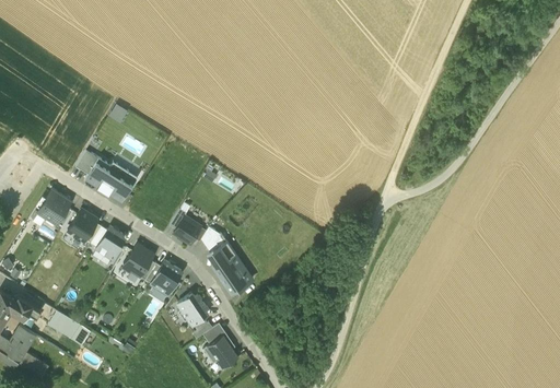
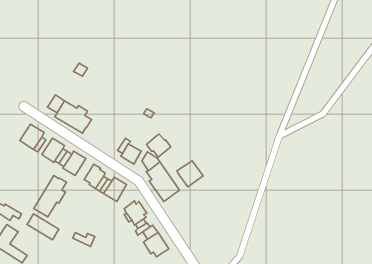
building: none -> [146,134,171,157]
building: none -> [177,161,203,187]
building: none -> [34,175,66,217]

